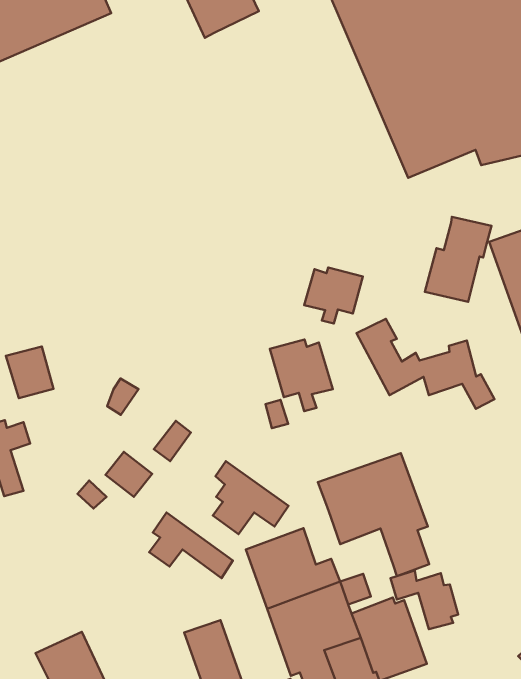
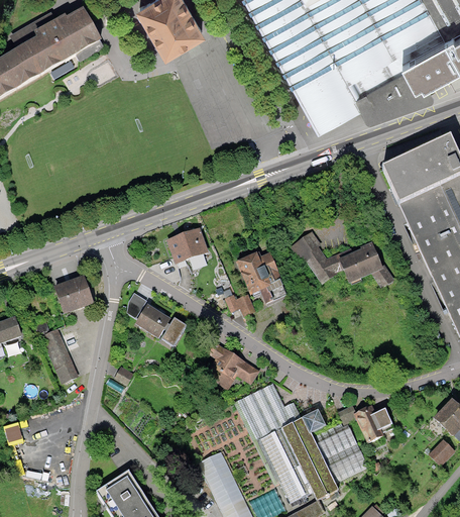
building: [425,217,492,302] -> none
building: [304,267,363,323] -> none
building: none -> [168,230,209,267]
building: [105,452,152,497] -> [136,307,168,337]
building: [318,453,429,576] -> none
building: [149,512,233,578] -> none

